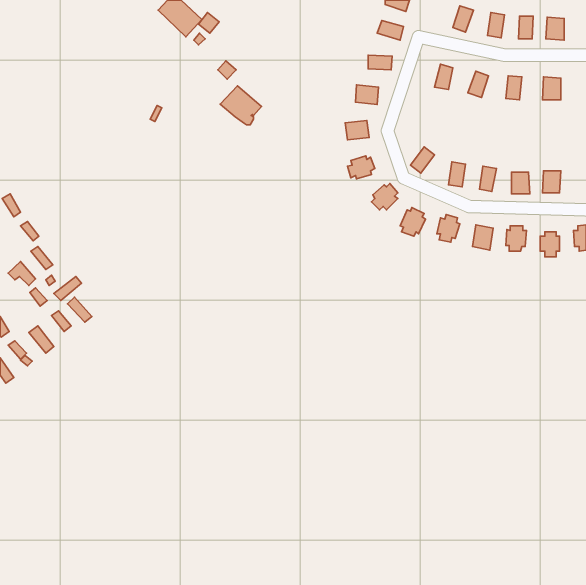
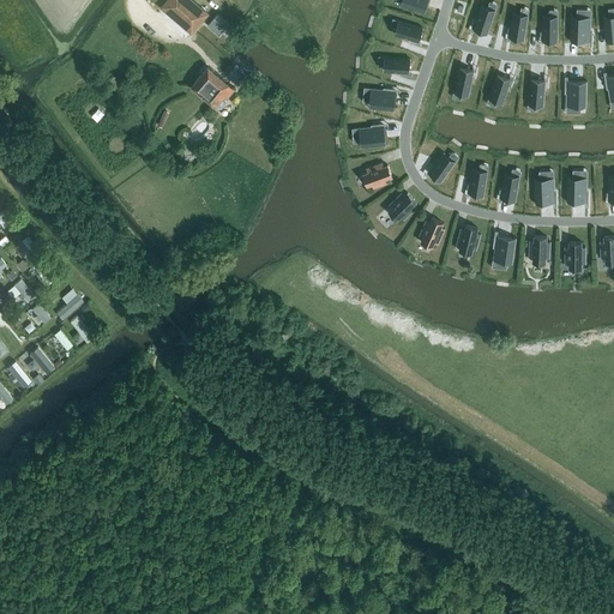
building: [220,86,262,125] -> [191,68,234,109]

